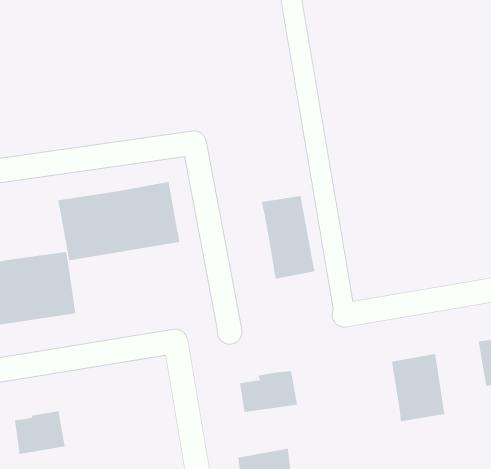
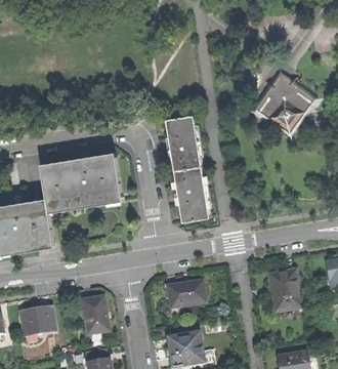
building: none -> [258,73,320,135]
building: none -> [171,113,207,168]
building: none -> [80,295,108,333]

